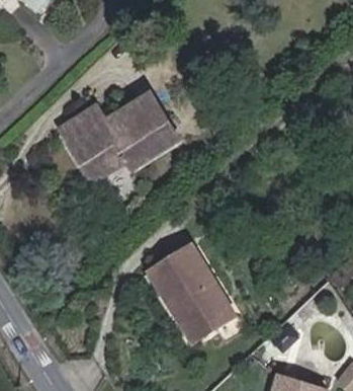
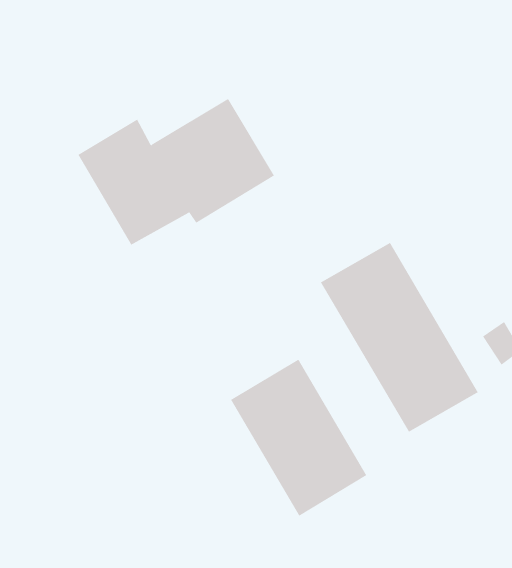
building: none -> [320,242,479,433]

